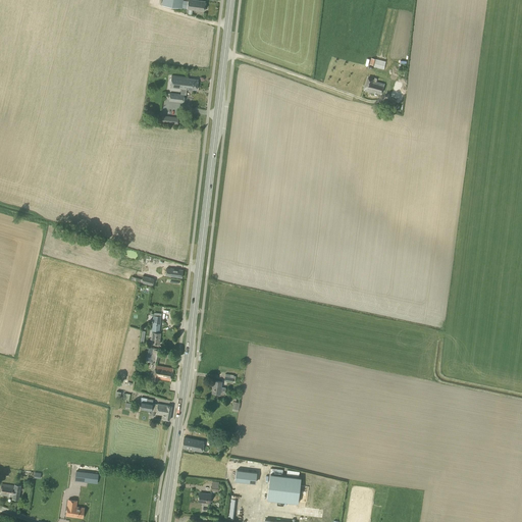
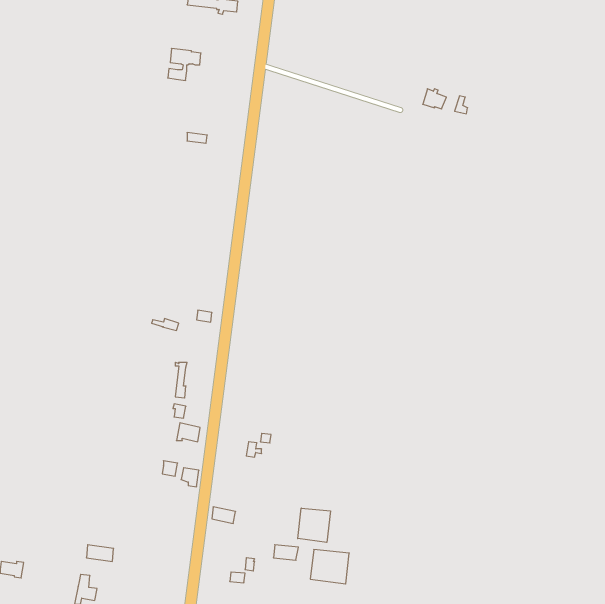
building: [168,74,197,102] -> [168,48,201,80]
building: none -> [298,508,330,542]

